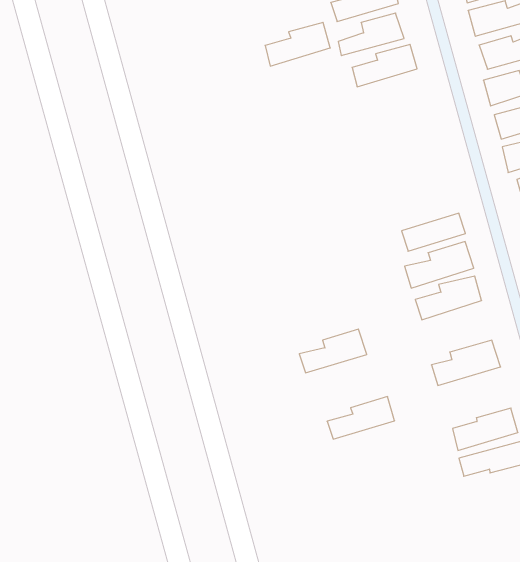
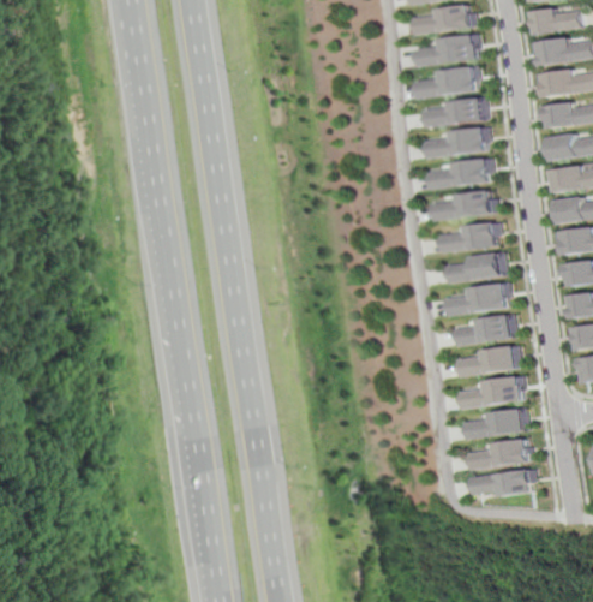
building: [265,22,330,66] -> [427,126,486,160]
building: none -> [433,156,493,191]
building: none -> [437,190,496,221]
building: none -> [447,221,501,251]
building: [299,329,367,373] -> [461,342,522,376]
building: [327,397,395,439] -> [471,406,532,439]

